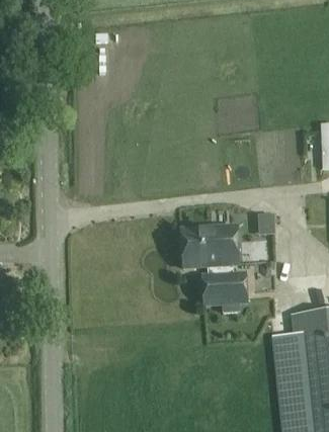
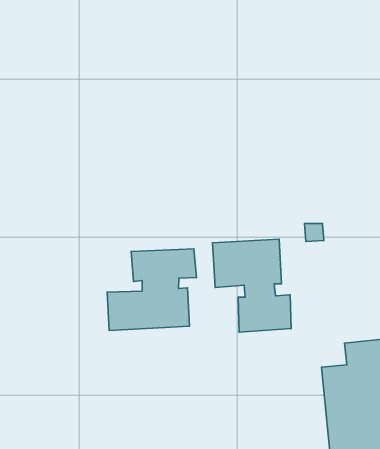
building: none -> [107,249,196,330]

